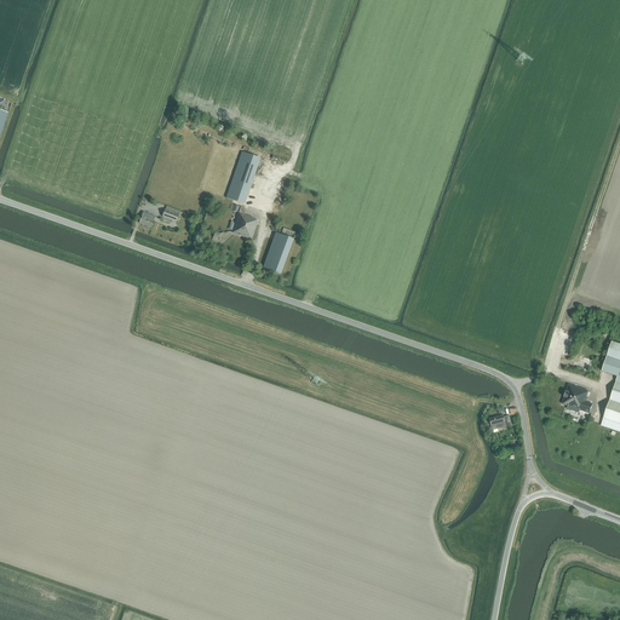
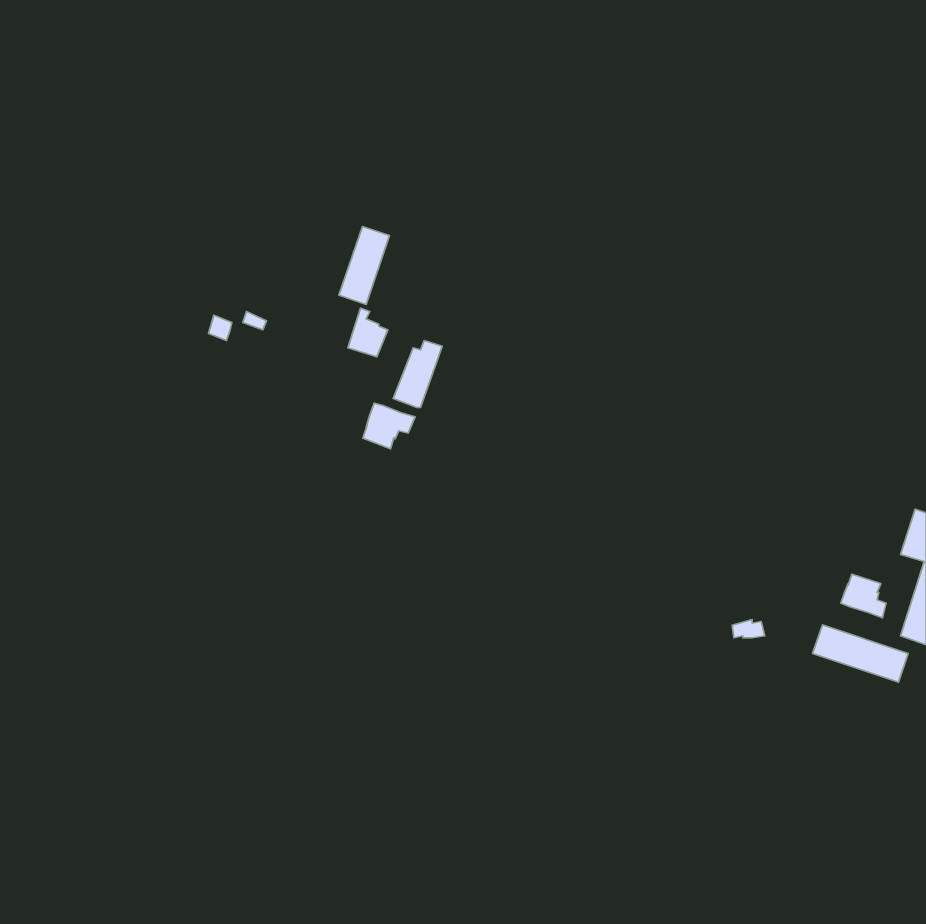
building: none -> [363,403,415,449]
building: none -> [813,625,908,682]

